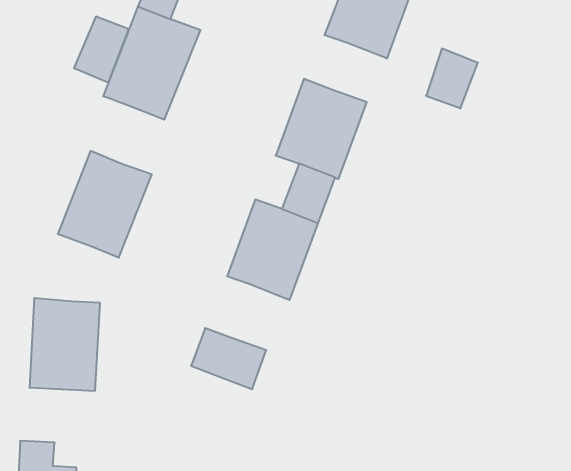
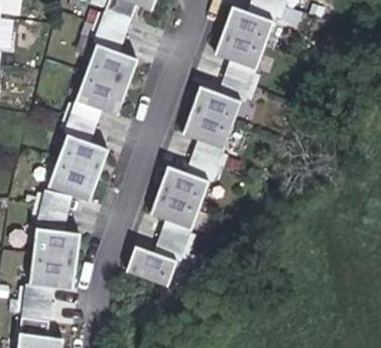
building: [74,17,129,82] -> [64,99,99,141]
building: [426,49,478,108] -> [222,64,255,102]
building: none -> [30,187,68,230]
building: none -> [156,219,192,261]
building: none -> [21,285,48,321]

